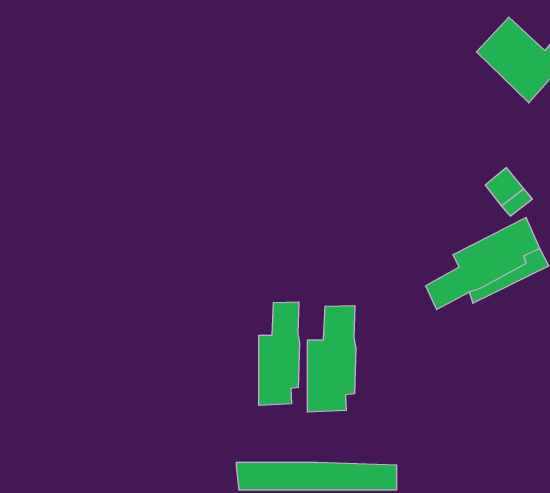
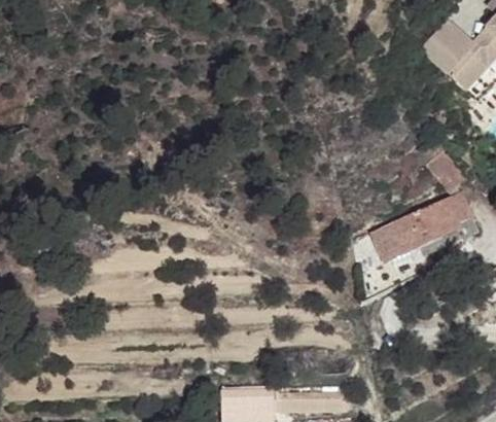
building: [259,302,300,405] -> none
building: [308,306,356,412] -> none

